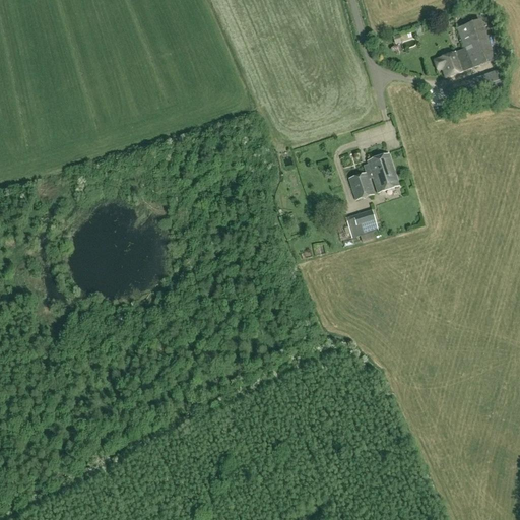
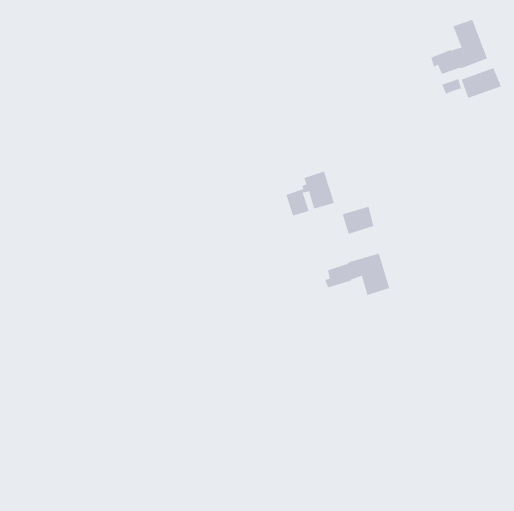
building: [349,152,399,198] -> [285,171,335,216]
building: none -> [324,253,390,296]

